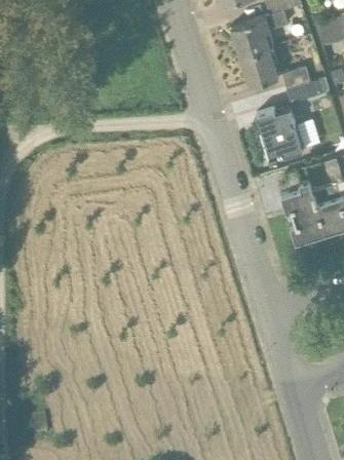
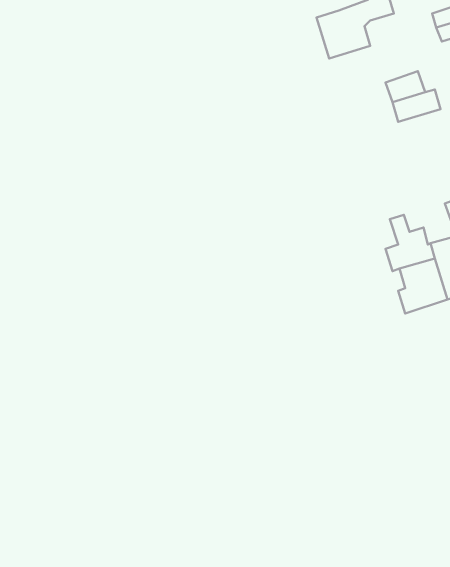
building: [240,46,279,84] -> none
building: [256,107,303,160] -> none

